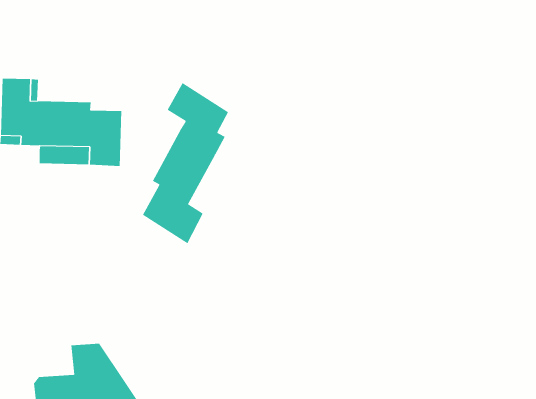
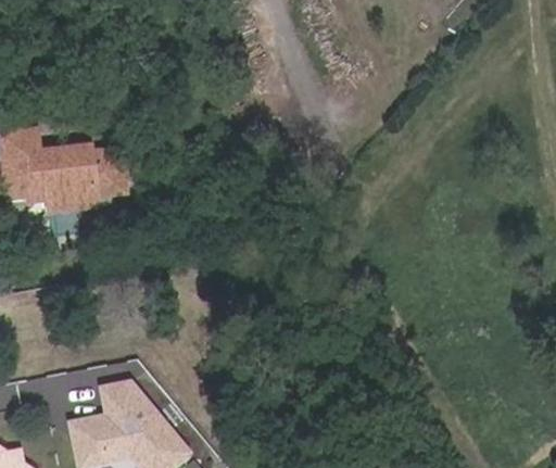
building: [142,82,229,244] -> none

